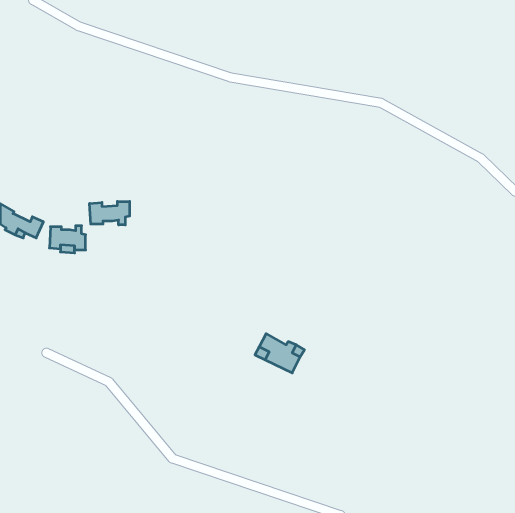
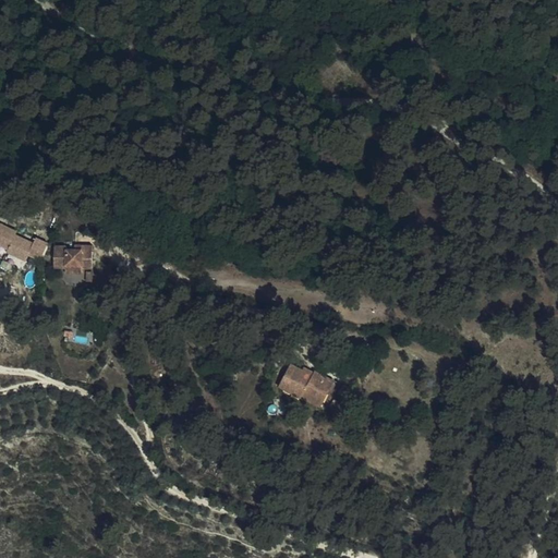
building: [90,201,130,225] -> none

